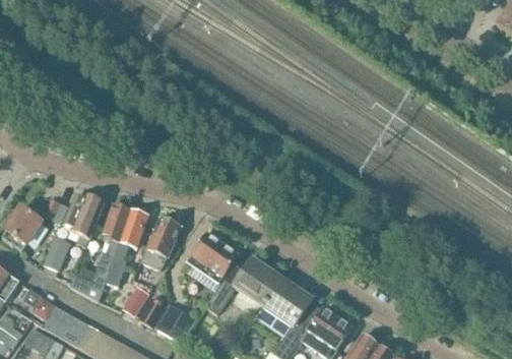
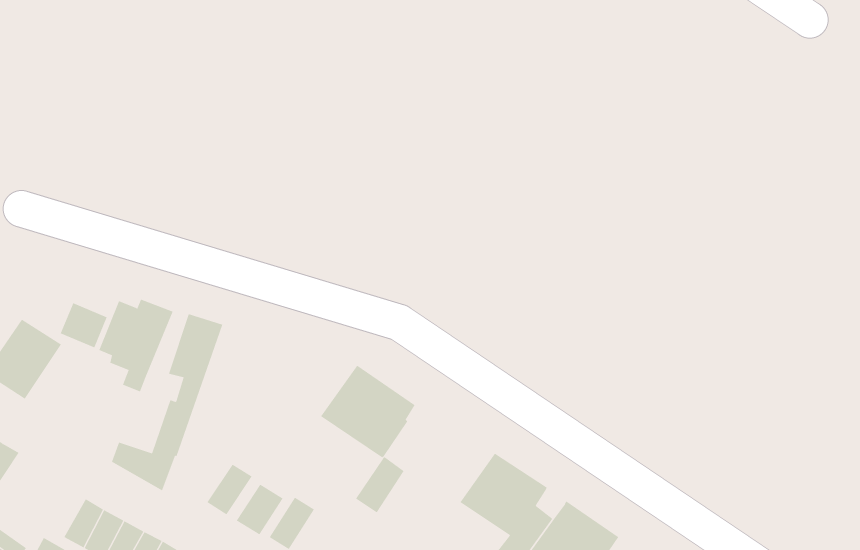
building: [107,210,148,287] -> none
building: [141,217,182,270] -> none
building: [43,236,71,272] -> none
building: [232,258,282,308] -> none
building: [22,288,56,320] -> none

